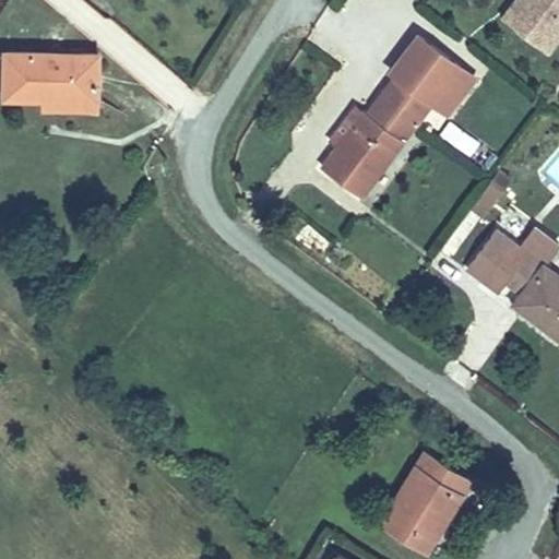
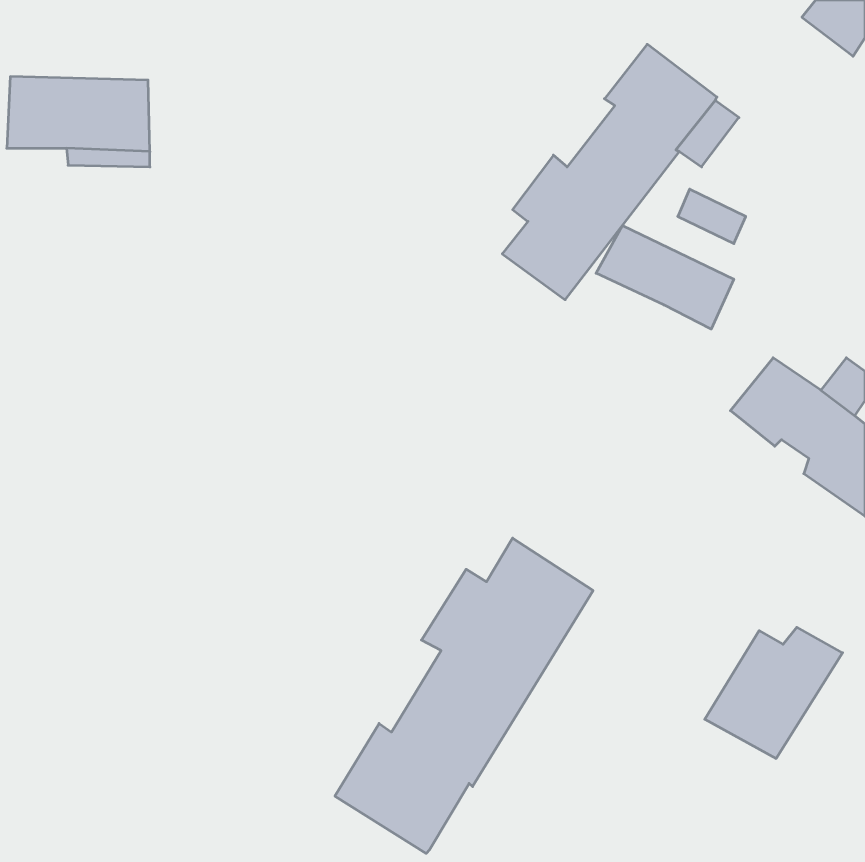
building: none -> [596,225,734,329]
building: none -> [335,538,593,853]
building: [381,467,469,551] -> [705,627,843,758]

